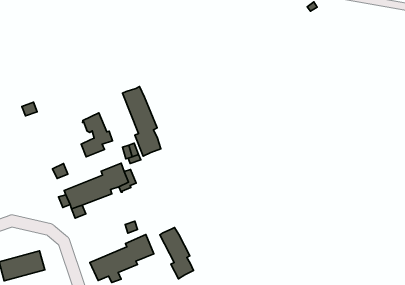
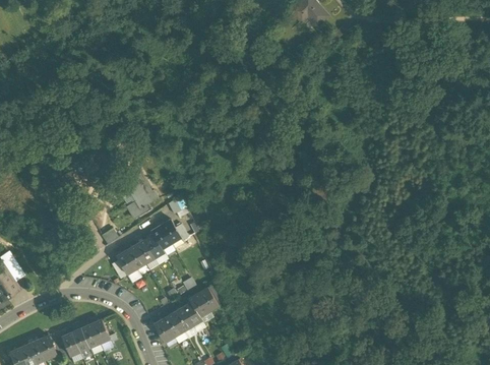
building: [122,87,161,156] -> none
building: [160,227,193,279] -> none

